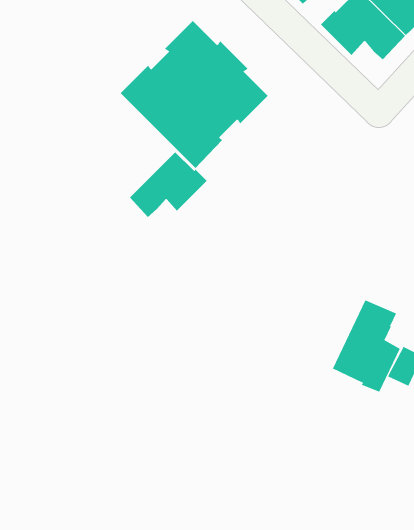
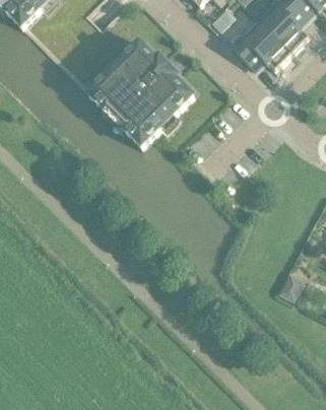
building: [129,151,207,218] -> none
building: [332,299,401,393] -> none

